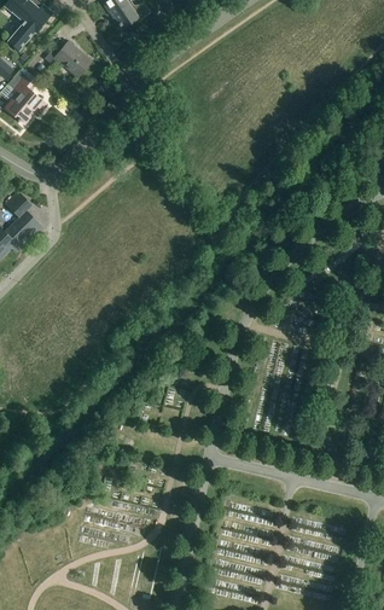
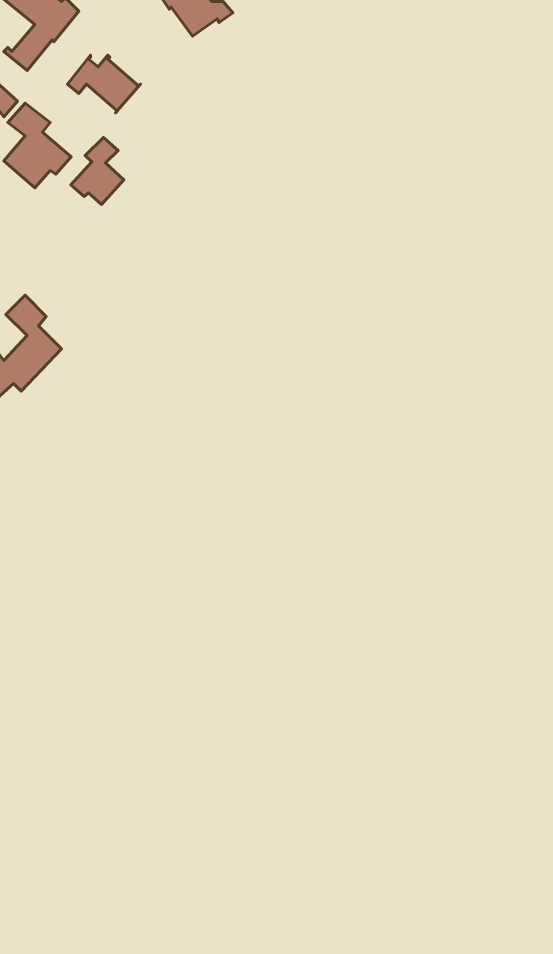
building: none -> [71,137,124,205]

